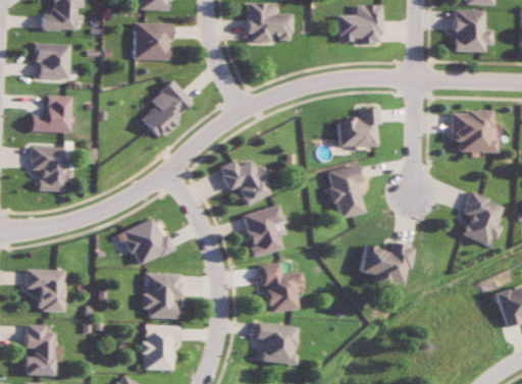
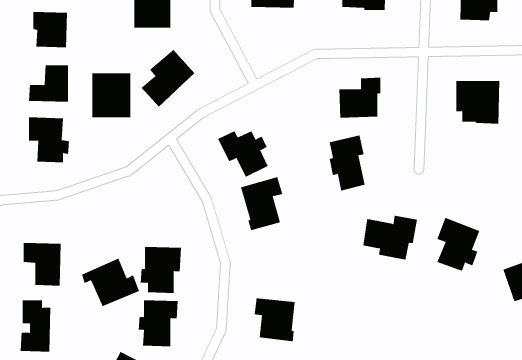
building: none -> [92,73,131,118]
building: [458,193,501,245] -> [436,217,480,271]
building: [116,218,173,266] -> [81,258,140,307]
building: [256,263,299,313] -> none

